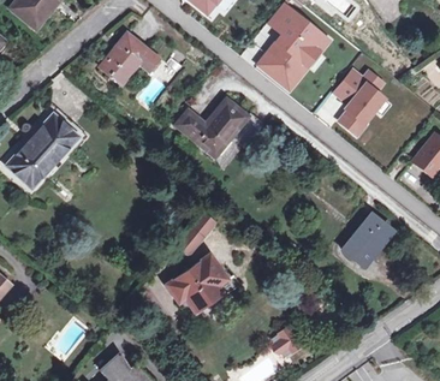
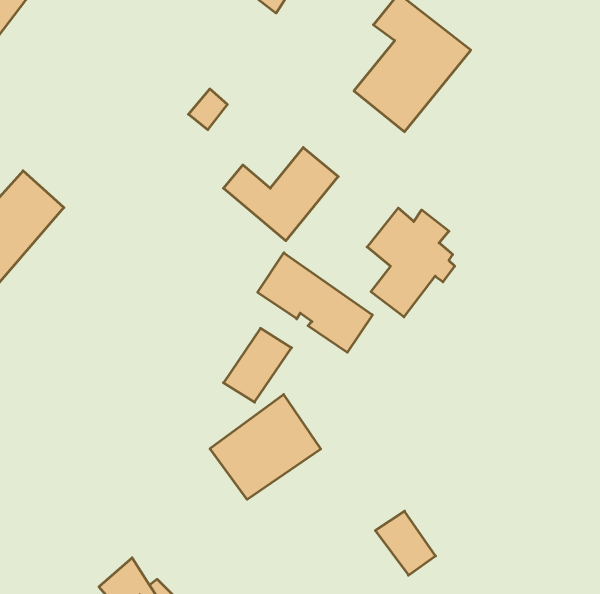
building: [99,35,155,85] -> none
building: [333,67,387,135] -> [367,208,455,317]
building: none -> [258,253,372,352]
building: [339,212,390,264] -> none

